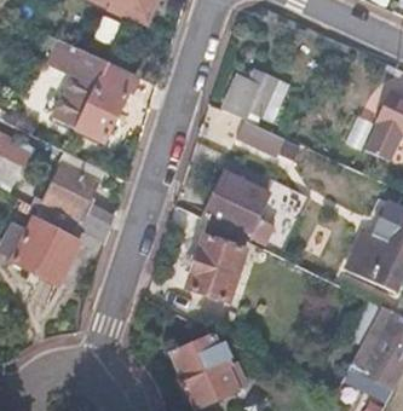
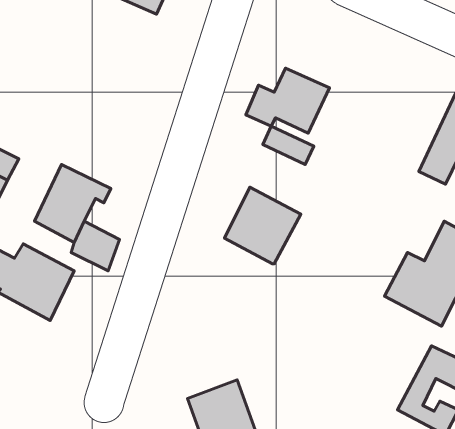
building: [48,39,133,140] -> none
building: [189,222,247,300] -> none

